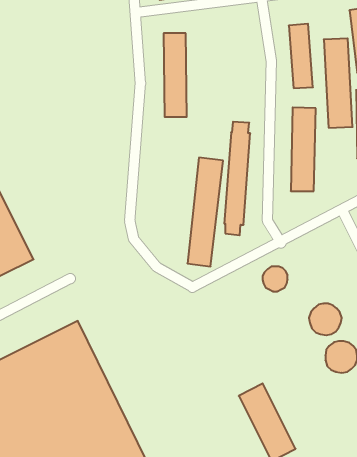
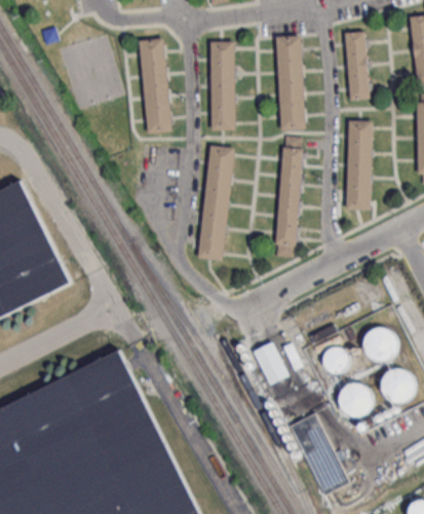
building: none -> [139,38,171,134]
building: [324,38,353,128] -> [275,35,306,131]
building: [187,158,223,266] -> [197,145,235,261]
building: [263,266,288,291] -> [325,348,352,375]
building: none -> [255,343,292,387]
building: none -> [341,383,375,418]

